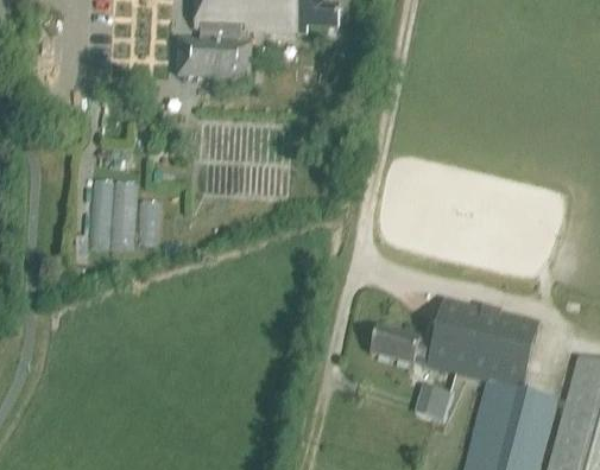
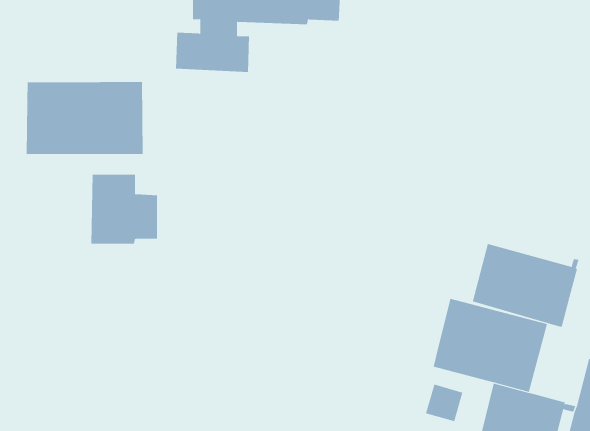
building: none -> [26,81,143,155]
building: none -> [472,243,579,328]
building: [370,324,432,364] -> none

